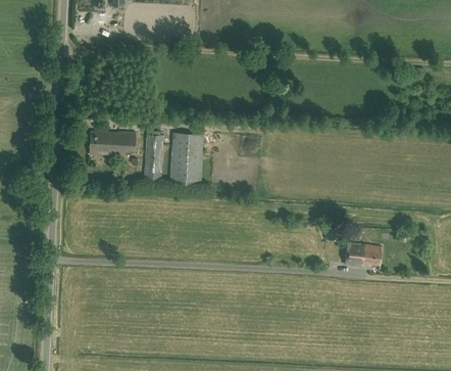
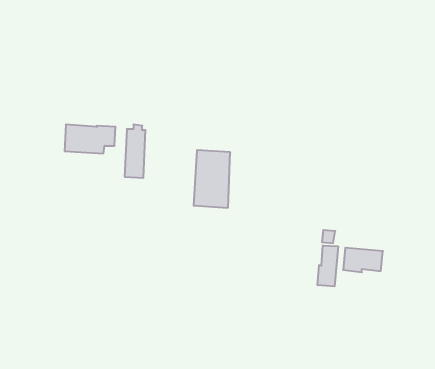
building: [169,132,203,185] -> [194,150,230,208]
building: none -> [318,245,338,286]

